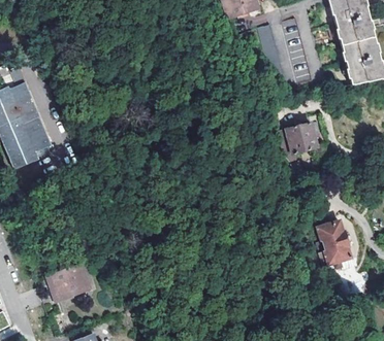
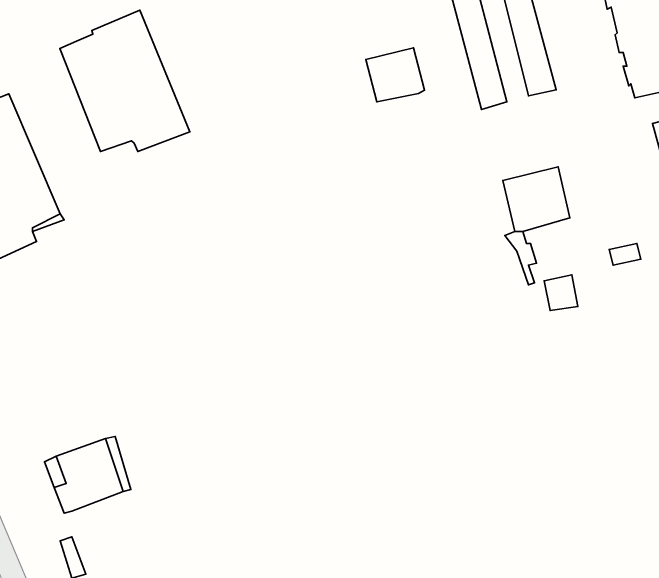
building: none -> [60,10,190,152]
building: none -> [366,48,425,102]
building: [316,218,349,269] -> none

